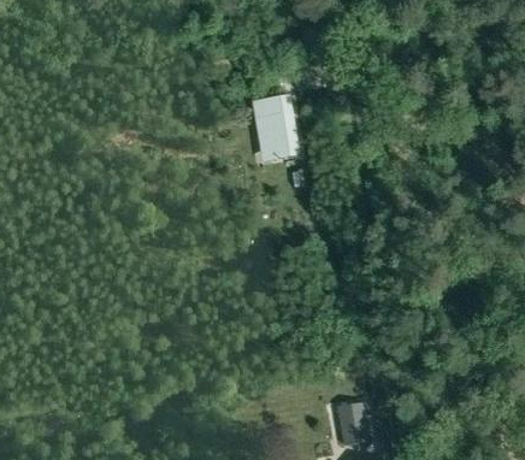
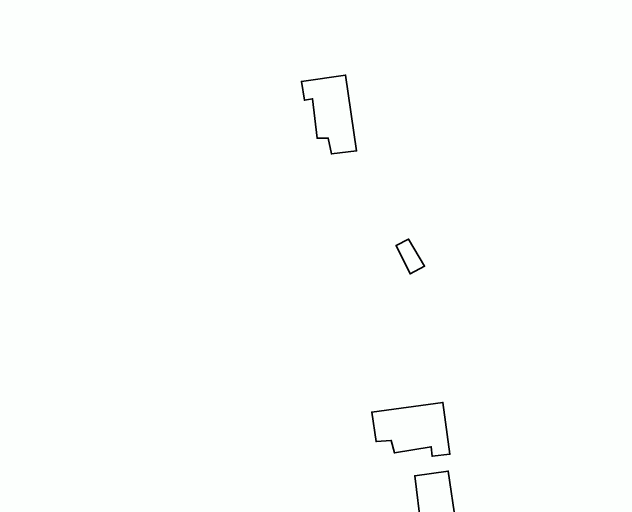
building: none -> [372,403,450,456]

